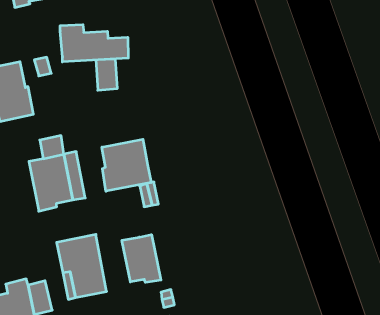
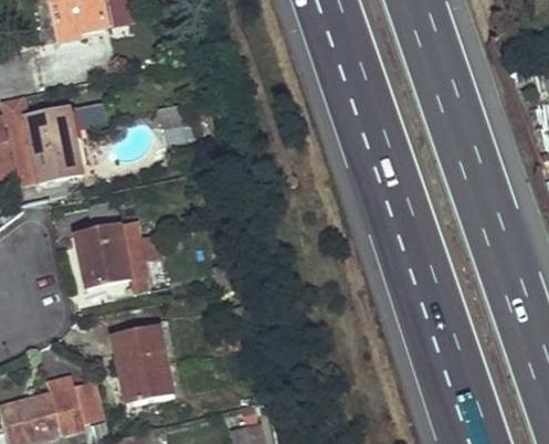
building: [60,25,128,62] -> none
building: [102,139,151,191] -> none
building: [122,235,161,282] -> none

